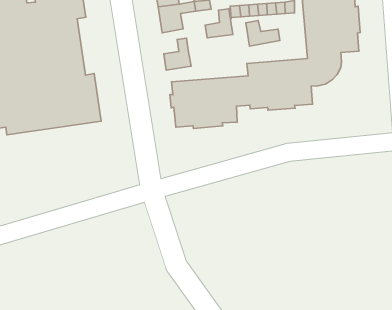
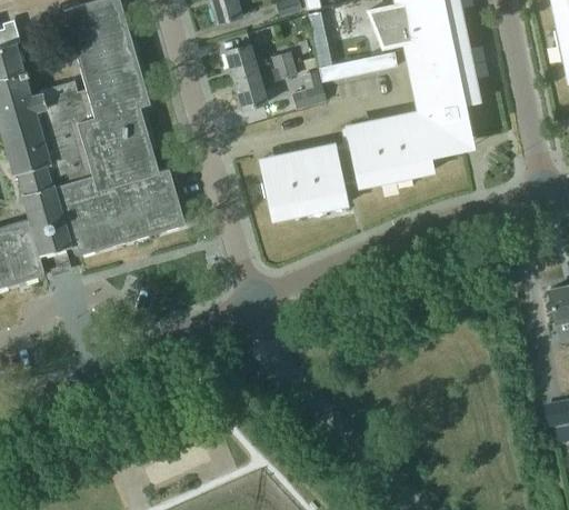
building: [246,21,280,46] -> none
building: [164,38,191,70] -> none

